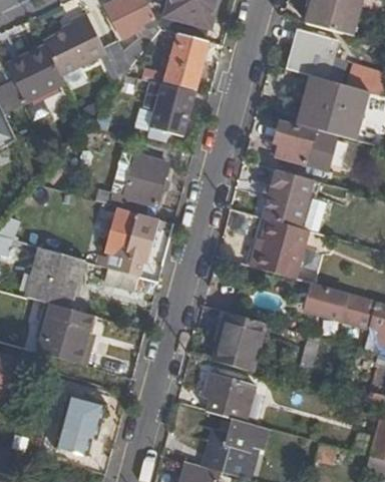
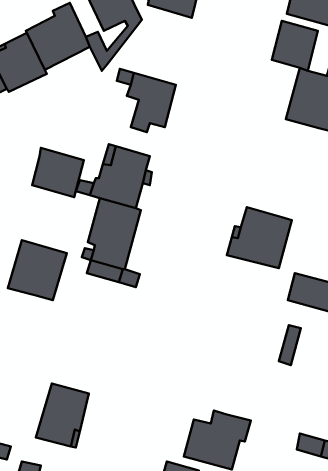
building: [165,34,208,89] -> none
building: [274,122,337,169] -> none
building: none -> [32,148,84,197]
building: [265,171,313,226] -> none
building: [38,305,95,366] -> none
building: [213,312,265,372] -> none
building: [205,375,255,424] -> none

